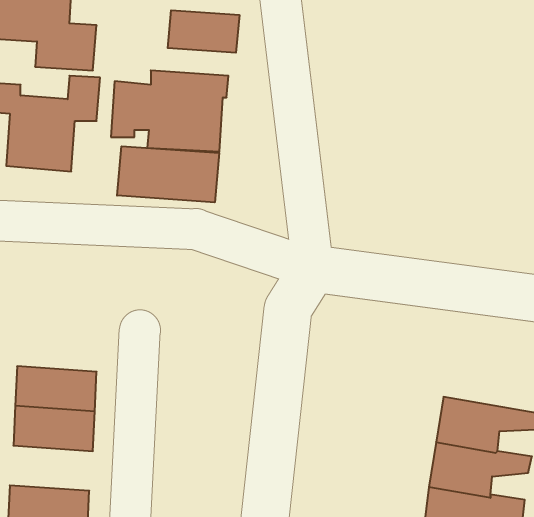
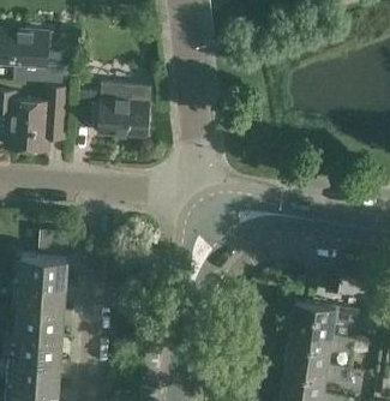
building: [168,10,239,53] -> none
building: [117,146,219,202] -> none
building: none -> [12,255,67,285]
building: none -> [7,334,62,364]

